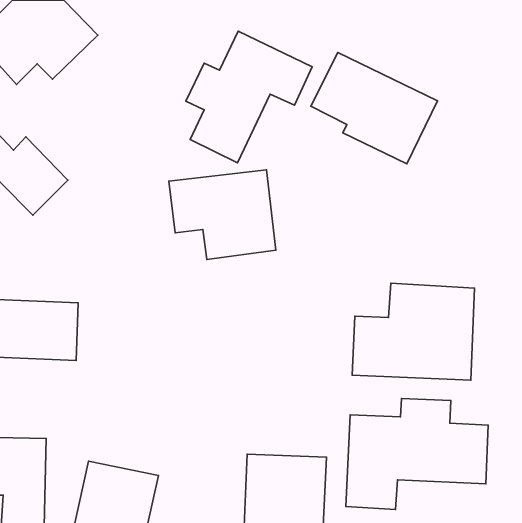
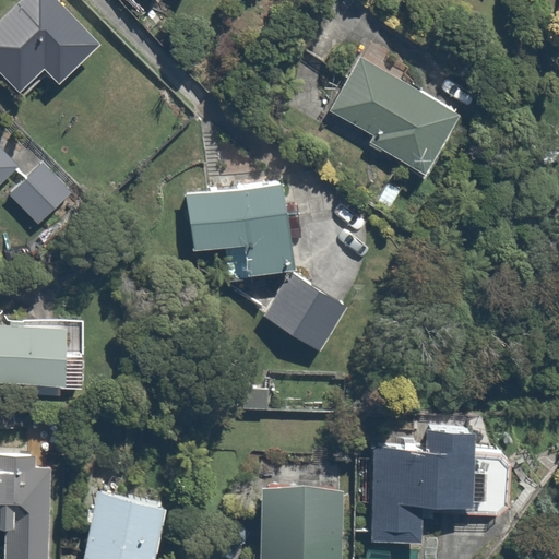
building: [186,31,312,163] -> none
building: none -> [259,272,343,353]
building: [352,283,475,380] -> none

